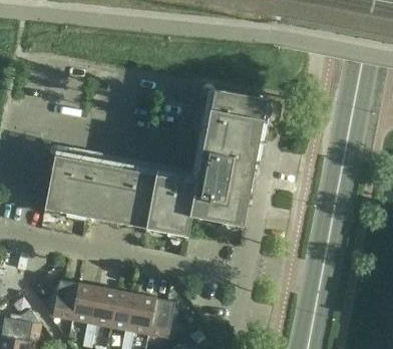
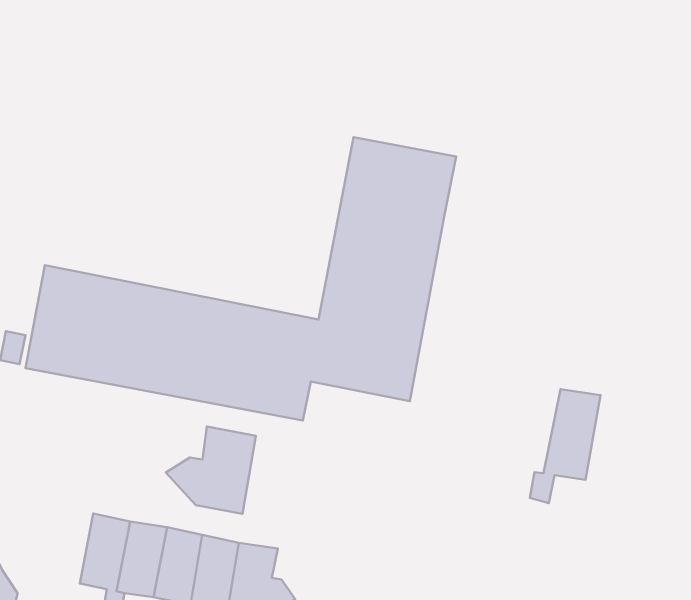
building: none -> [530,389,601,503]
building: none -> [166,427,256,514]
building: [41,280,78,319] -> none

